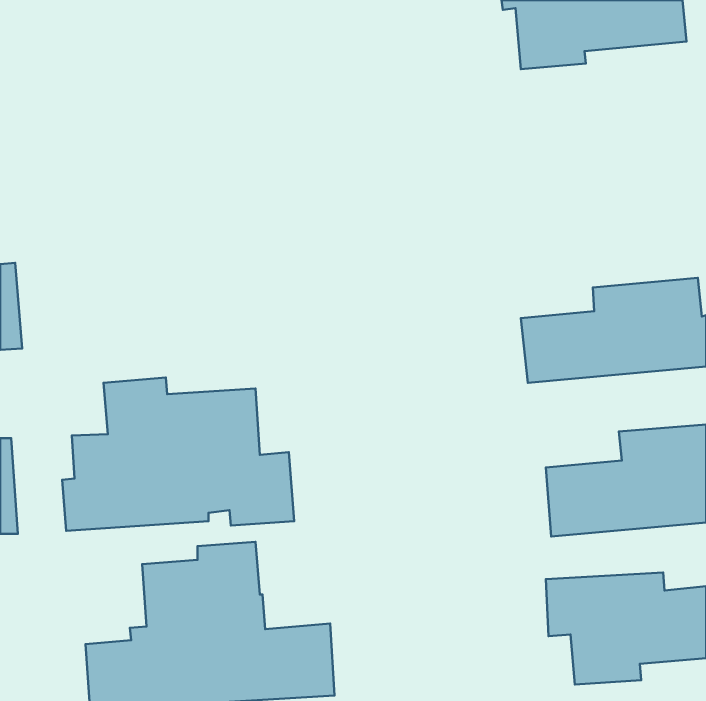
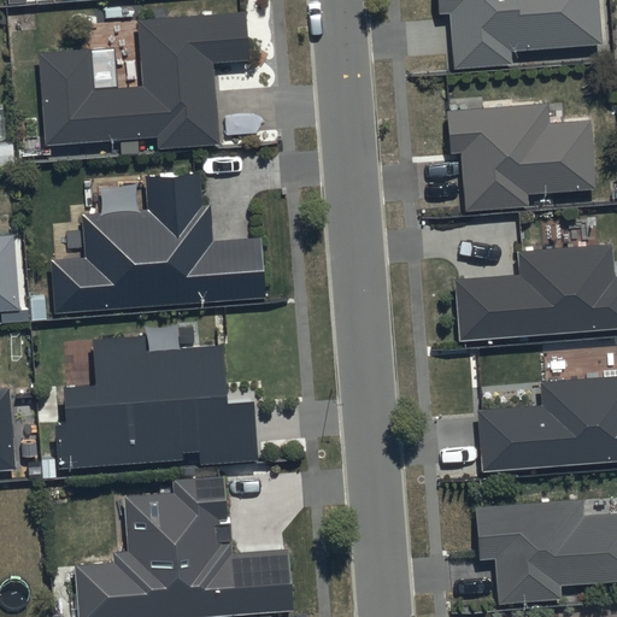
building: none -> [39,12,248,147]
building: none -> [447,104,595,207]
building: none -> [52,172,264,312]

